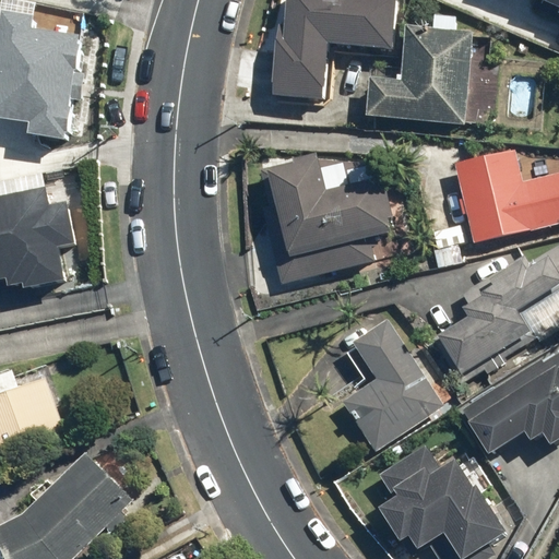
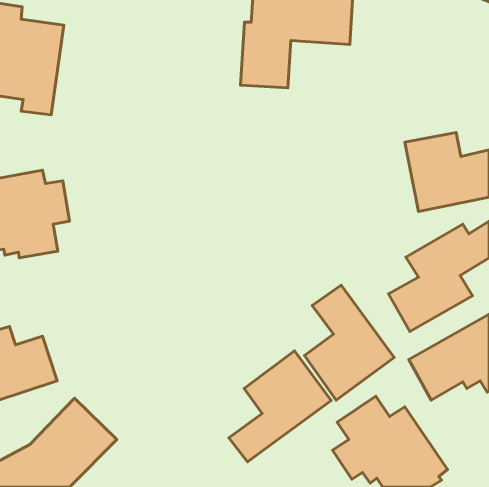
building: [366,25,469,123] -> none
building: [257,156,393,280] -> none
building: none -> [229,351,331,462]

